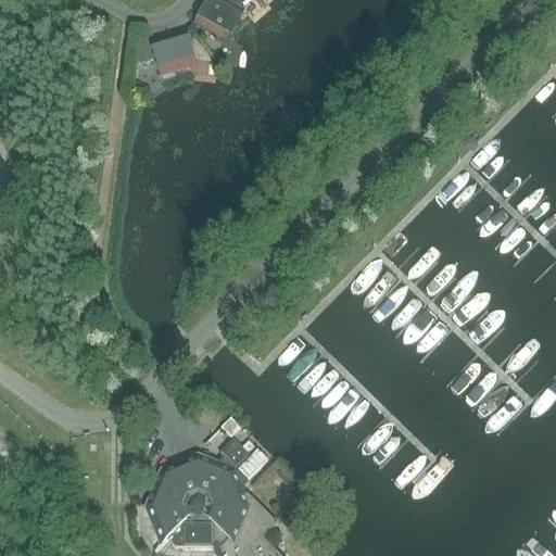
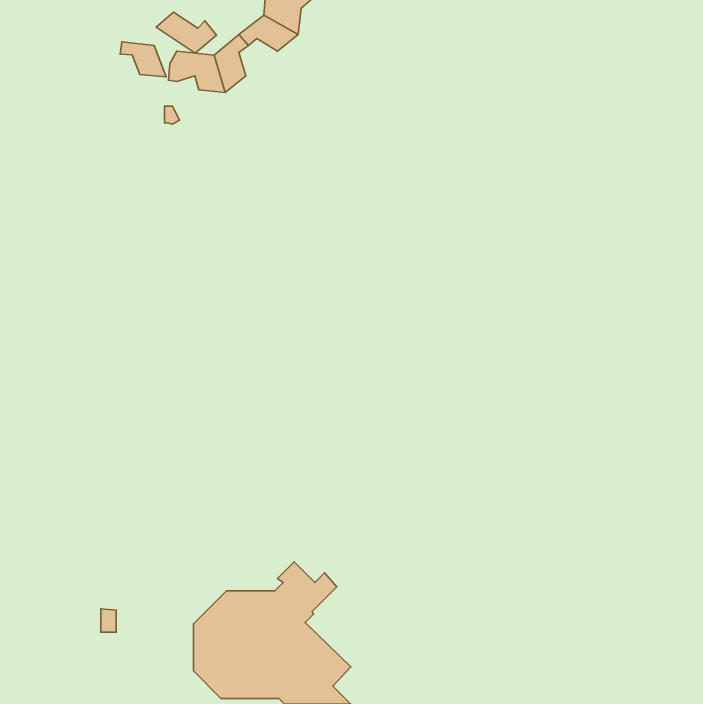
building: none -> [156,12,217,53]
building: none -> [120,42,166,77]

